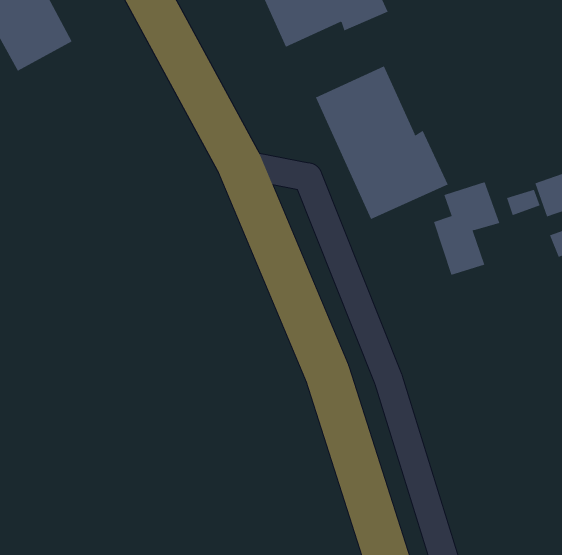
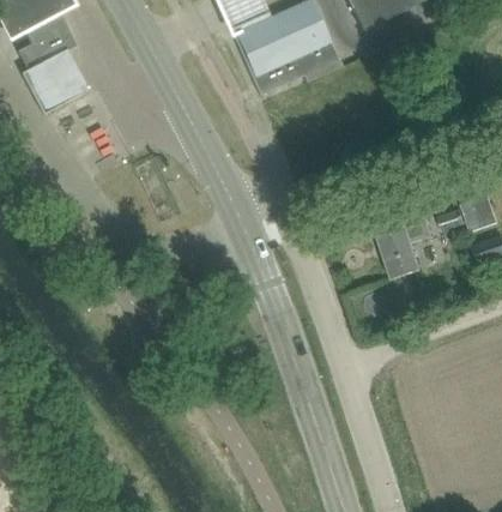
building: [315,66,449,220] -> none

